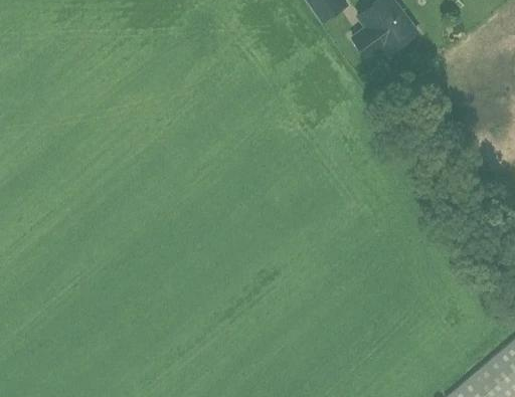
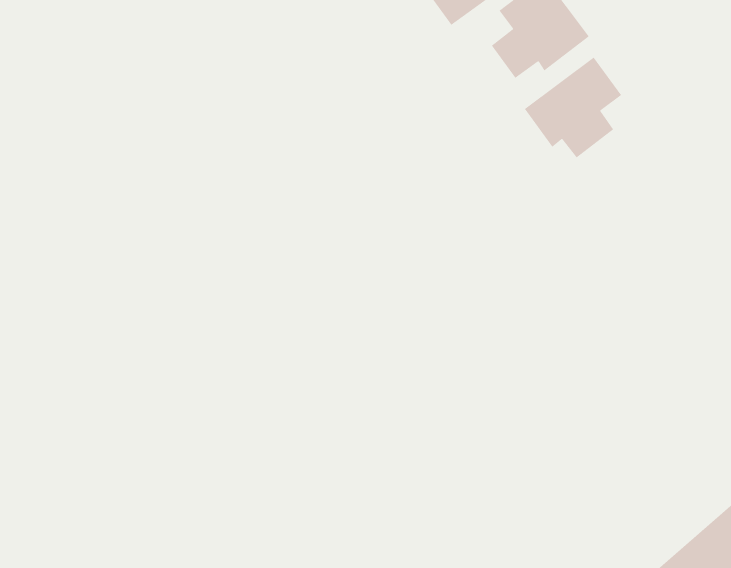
building: none -> [524,56,622,158]

